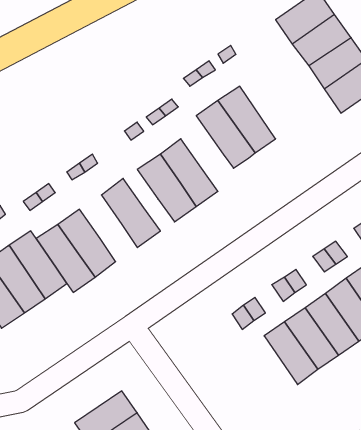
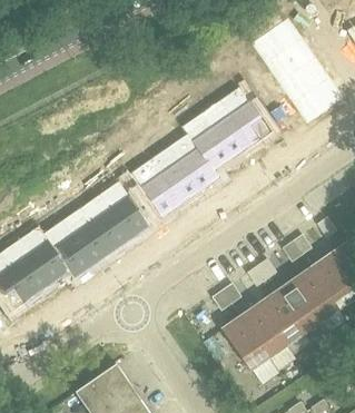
building: none -> [219,86,270,146]
building: none -> [168,134,219,191]
building: none -> [80,195,130,253]
building: none -> [223,317,269,372]

